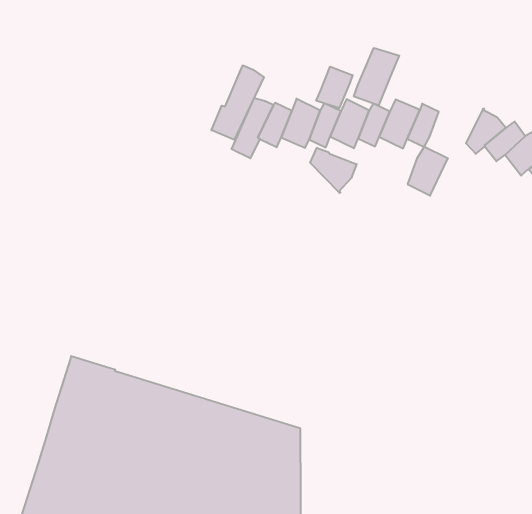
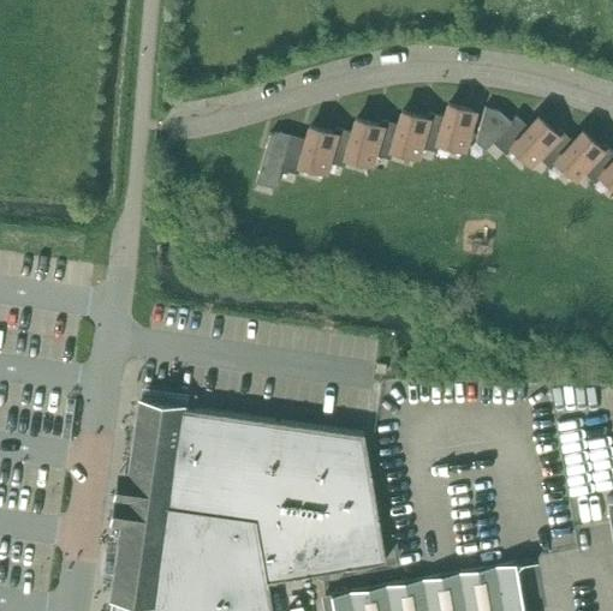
building: [354,48,399,106] -> none
building: [211,65,264,140] -> none
building: [316,67,353,108] -> none
building: [408,147,448,196] -> [439,107,472,151]
building: [310,148,357,193] -> none

